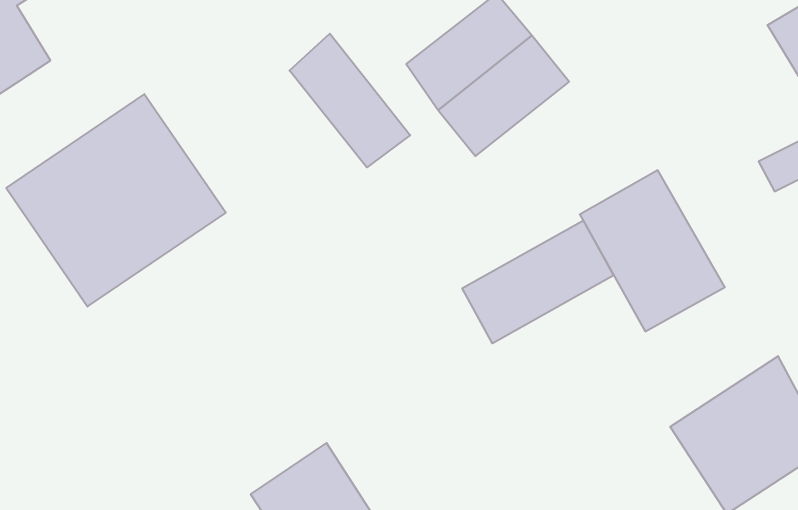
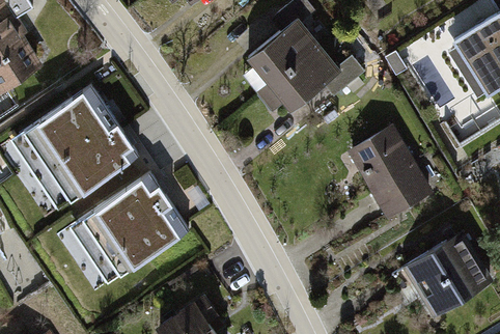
building: [289,34,410,167] -> none
building: [462,221,613,343] -> none
building: none -> [70,168,189,279]

